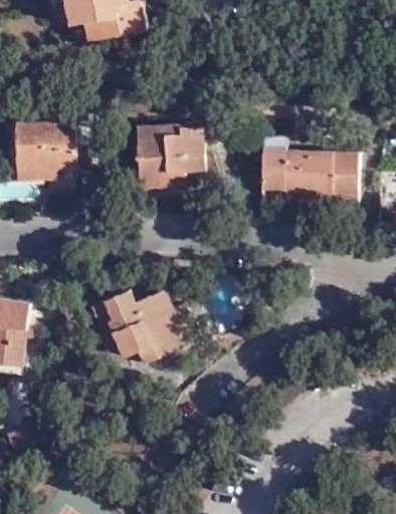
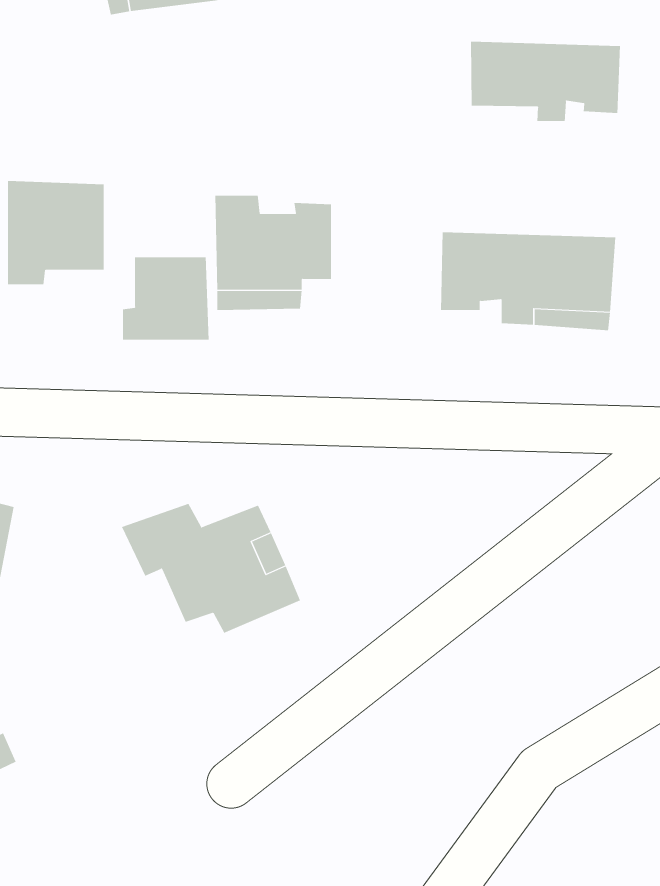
building: none -> [471,41,621,122]
building: none -> [122,256,209,340]

